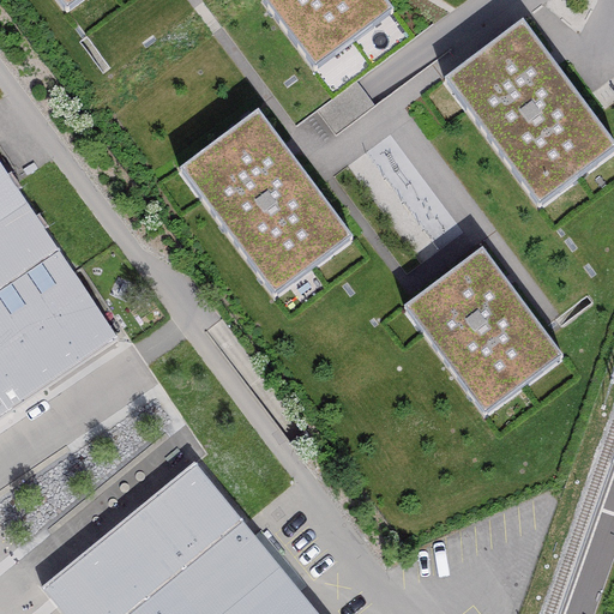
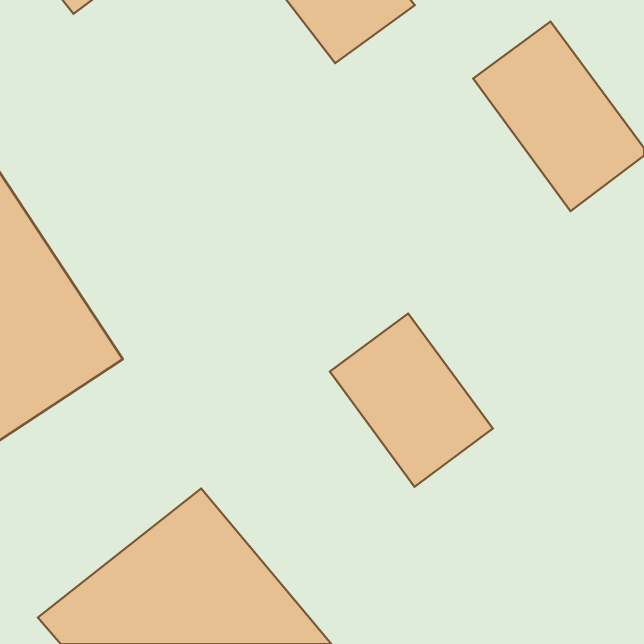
building: [186,113,353,293] -> none
building: [409,249,564,414] -> [330,313,493,487]

